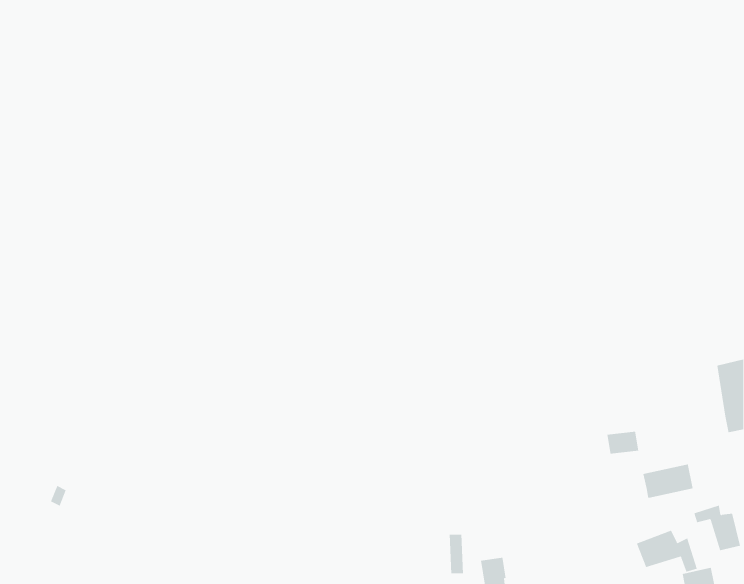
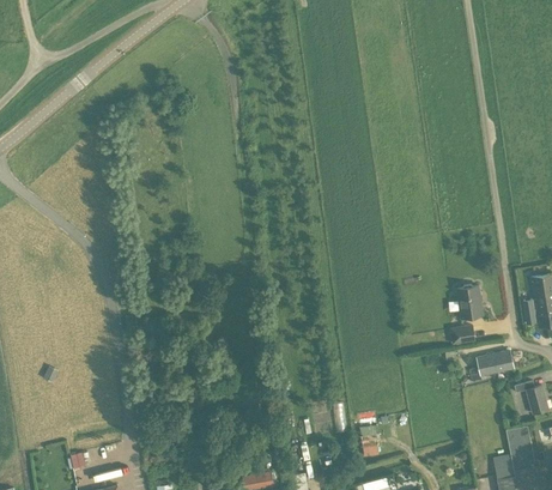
building: none -> [456,286,483,320]
building: [636,530,697,573] -> none

